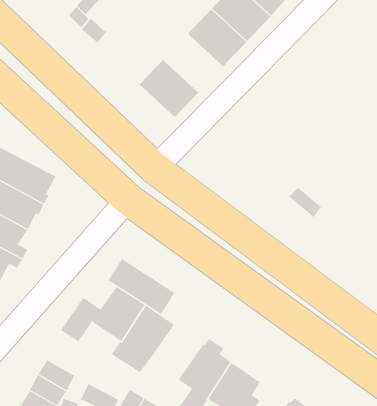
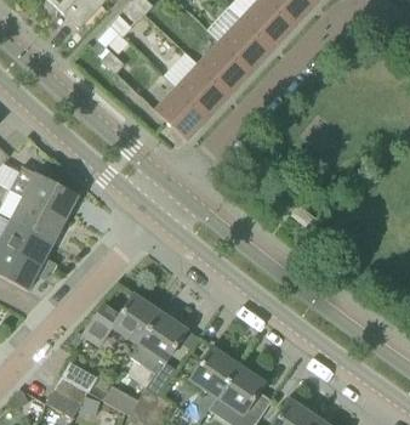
building: none -> [176,64,230,118]
building: [108,258,175,315] -> none

